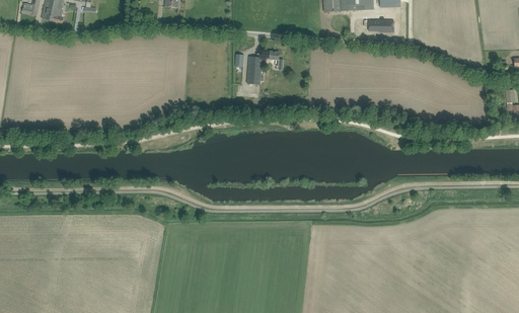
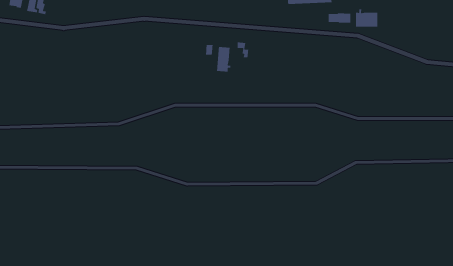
building: none -> [355,8,378,28]

